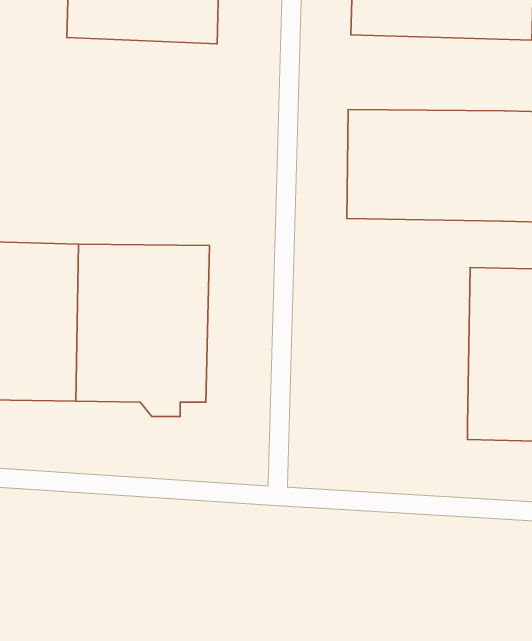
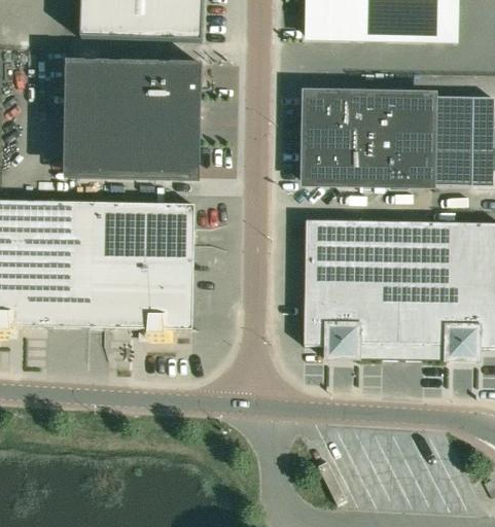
building: none -> [68,60,200,175]
building: none -> [302,219,402,358]

